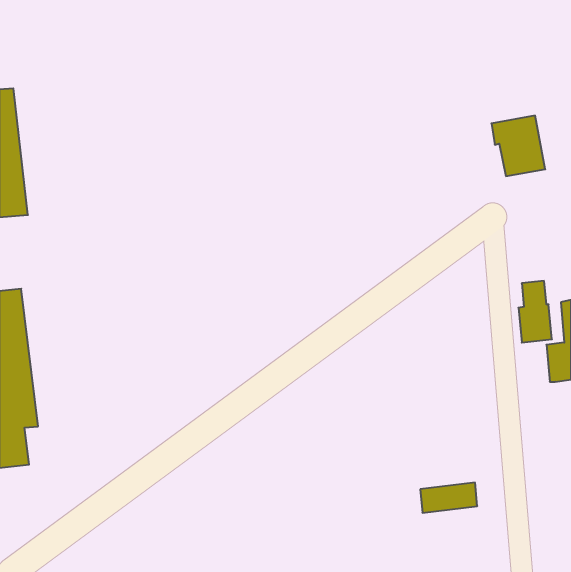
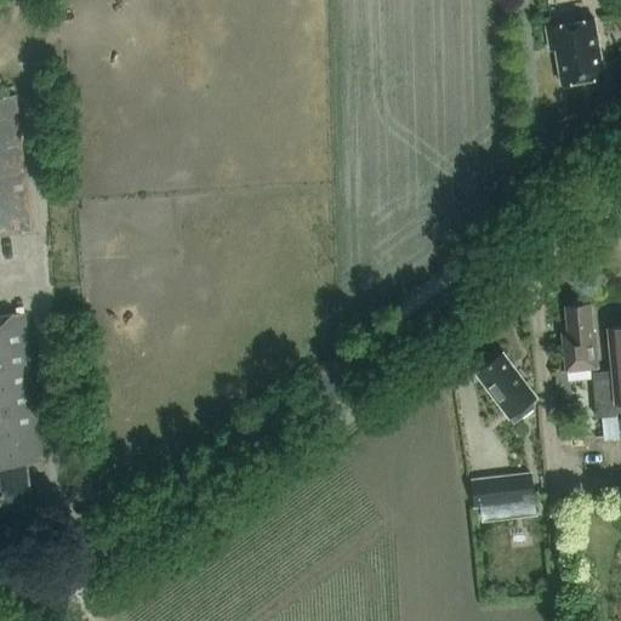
building: [491,116,545,176] -> [546,19,604,85]
building: none -> [475,353,535,420]
building: [420,483,477,513] -> [472,473,534,506]

